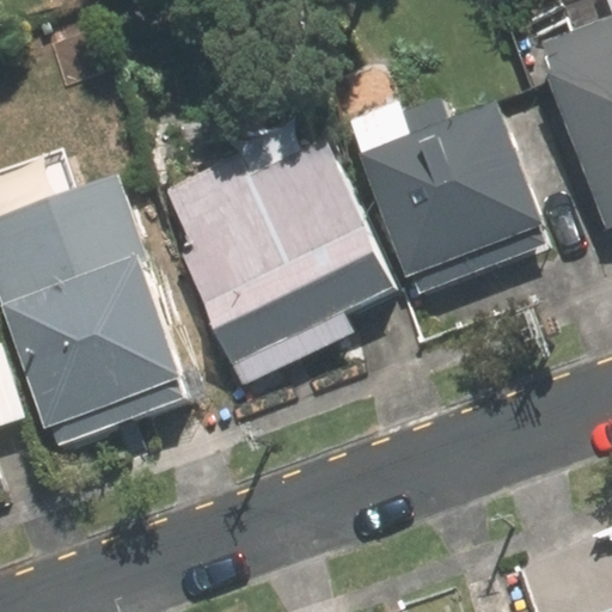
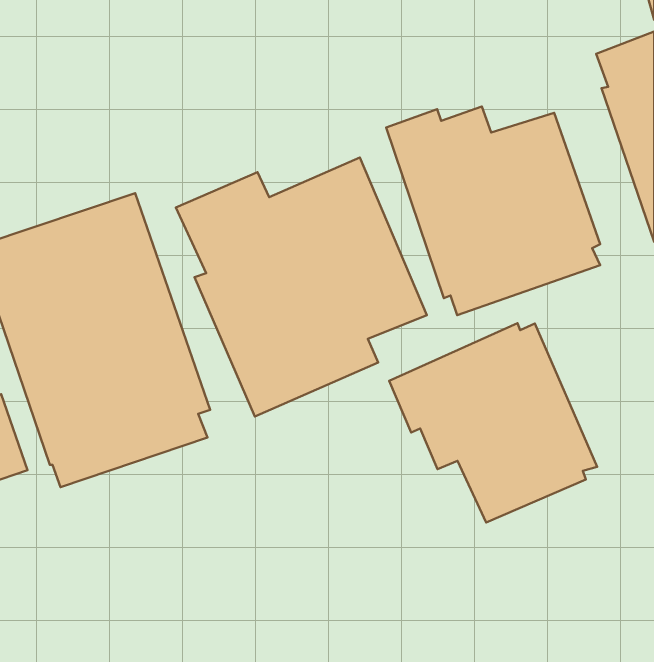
building: none -> [389,323,597,523]

